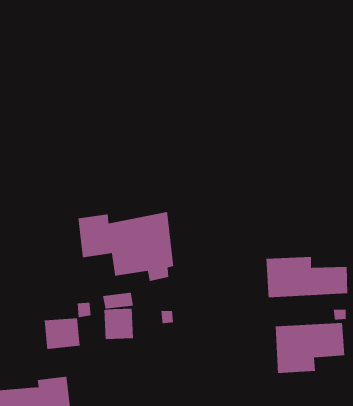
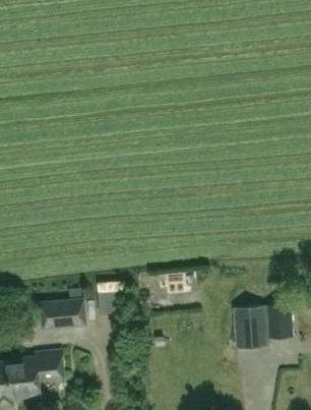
building: [78,211,174,282] -> none
building: [266,256,348,298] -> none

